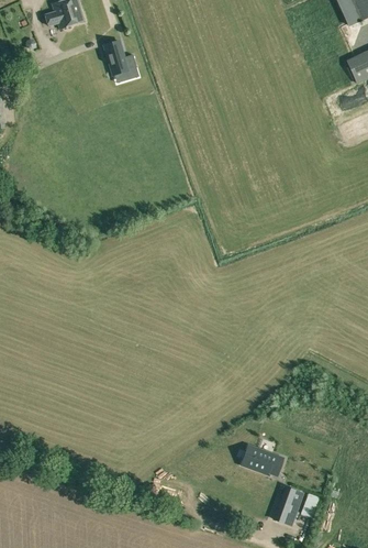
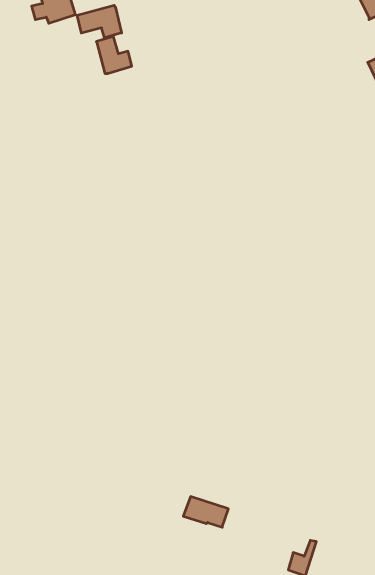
building: none -> [77,5,122,38]
building: [242,446,282,473] -> [183,497,228,527]

